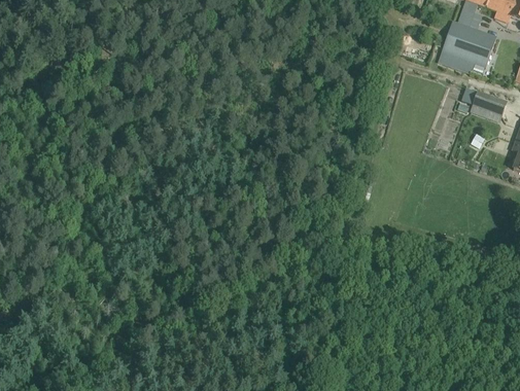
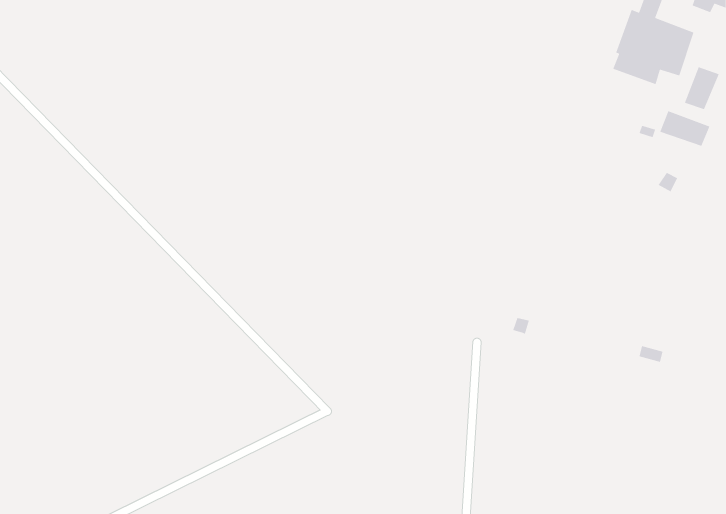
building: none -> [684,66,720,110]

